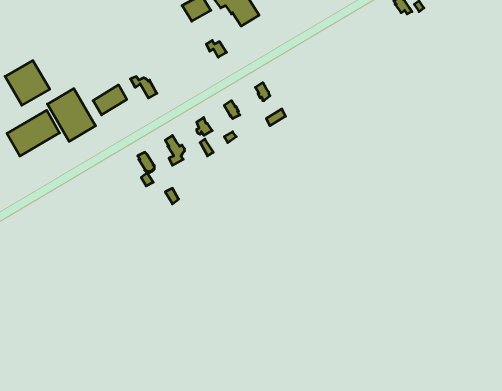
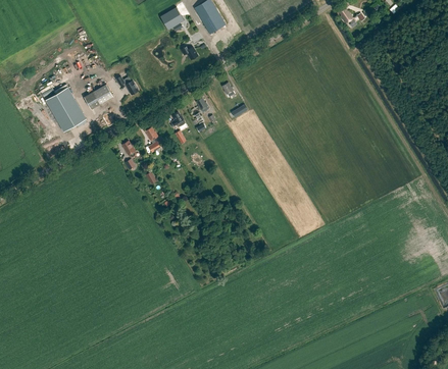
building: [5,61,50,105] -> none
building: [7,110,60,156] -> none

